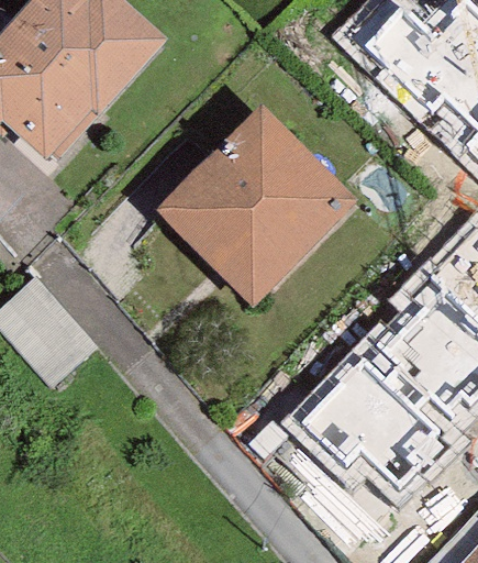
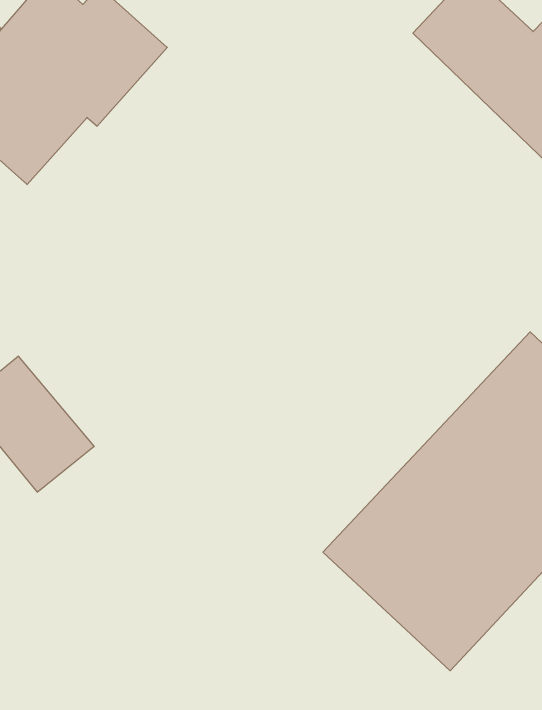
building: [169,123,345,299] -> none

